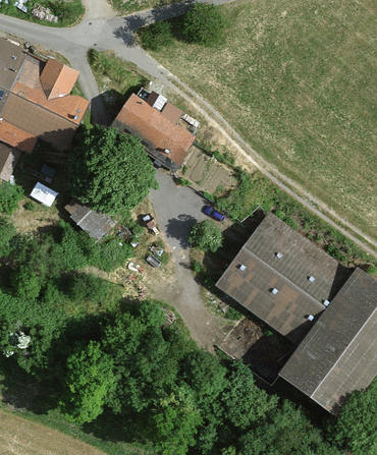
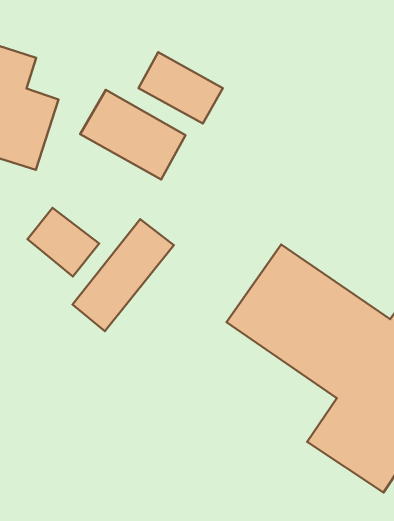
building: none -> [138,52,223,124]
building: none -> [73,219,174,331]

